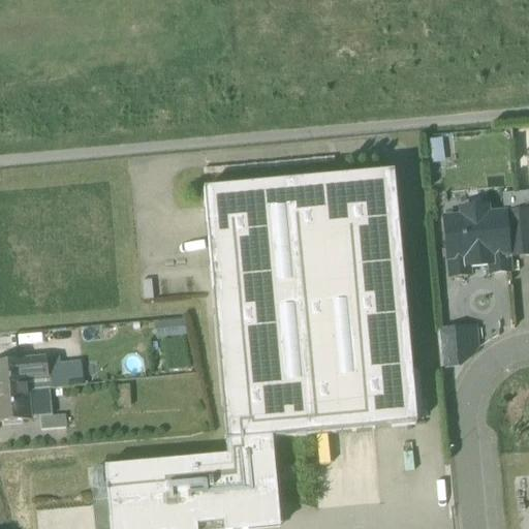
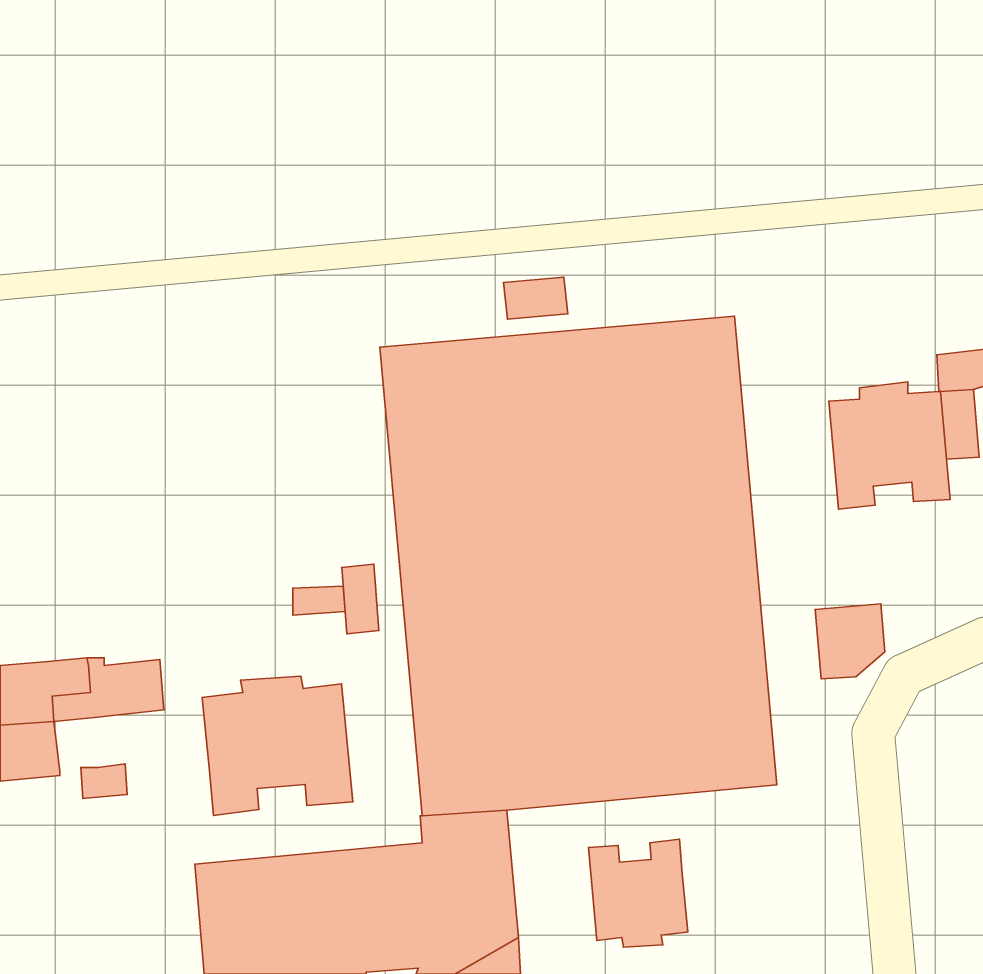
building: none -> [503,277,568,319]
building: none -> [342,564,379,634]
building: none -> [202,676,353,815]
building: [30,384,54,413] -> none
building: none -> [588,839,688,947]

